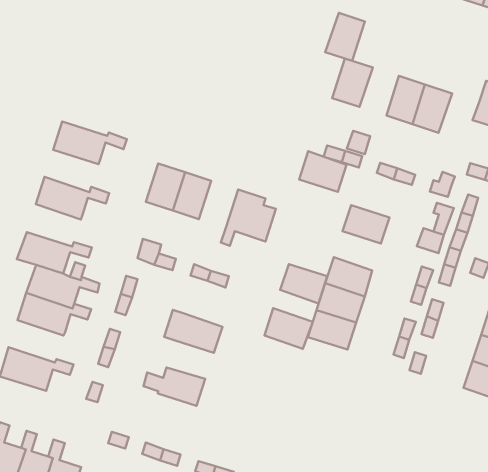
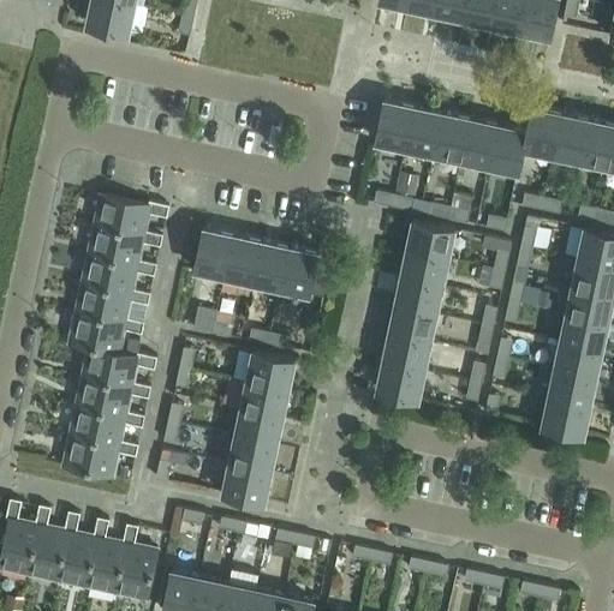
building: [325,13,365,61] -> [404,108,441,156]
building: none -> [488,126,526,174]
building: none -> [88,228,162,268]
building: [299,151,346,192] -> [406,222,453,260]
building: none -> [251,242,288,289]
building: none -> [76,286,150,325]
building: [280,264,327,303] -> [394,280,441,317]
building: [265,308,313,349] -> [246,353,294,391]
building: none -> [70,407,144,447]
building: none -> [234,411,281,447]
building: none -> [222,467,269,504]

